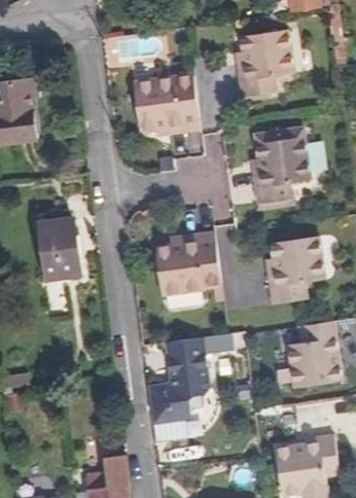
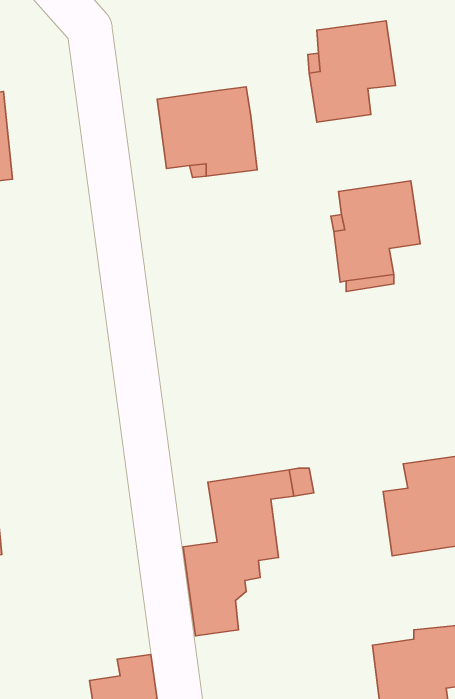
building: [38,215,82,278] -> none
building: [156,232,220,294] -> none
building: [268,237,324,305] -> none

